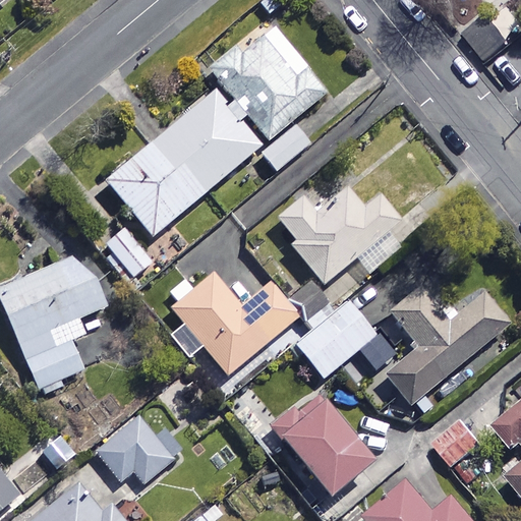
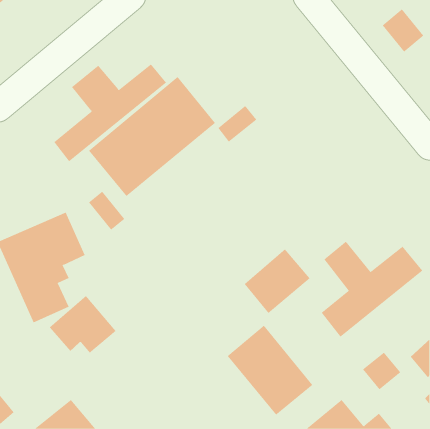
building: [209,27,326,140] -> none
building: none -> [53,63,167,162]
building: [277,178,406,287] -> none
building: [167,271,297,374] -> none
building: [96,413,177,483] -> [49,295,117,354]

